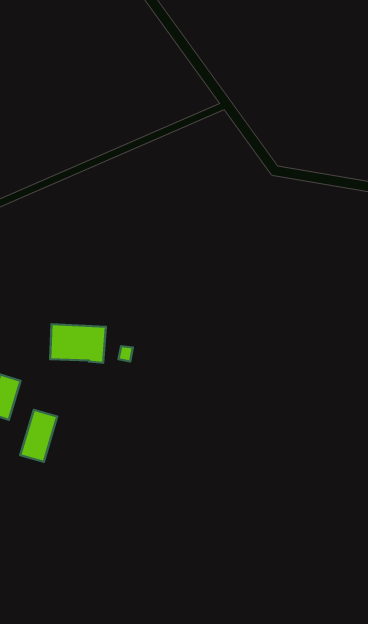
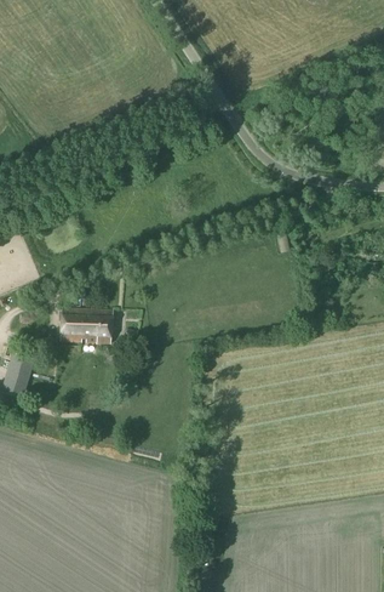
building: [20,410,57,462] -> none

